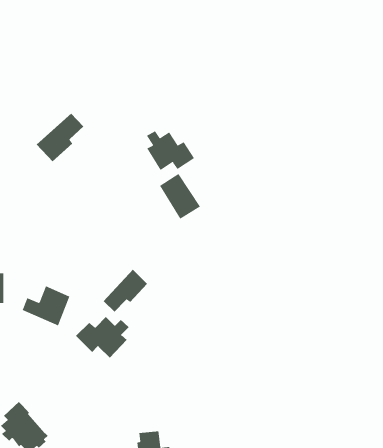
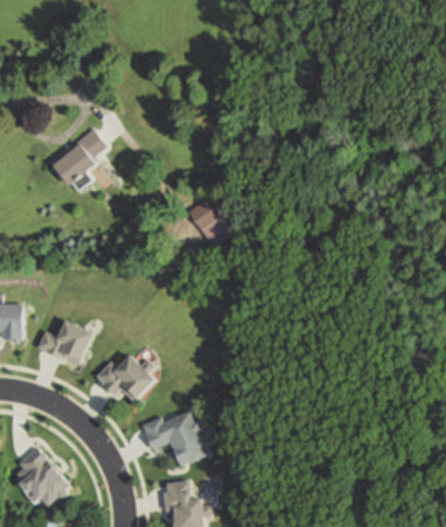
building: [146,130,195,171] -> none
building: [103,269,148,313] -> none
building: none -> [143,410,206,465]

